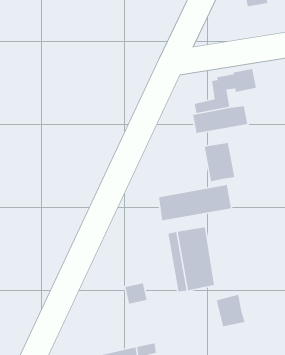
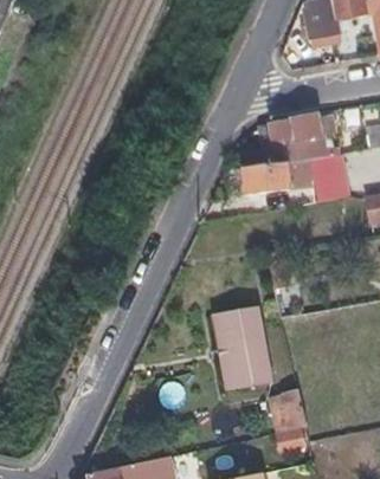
building: [204,142,235,182] -> [310,151,349,201]
building: [158,184,232,221] -> none

